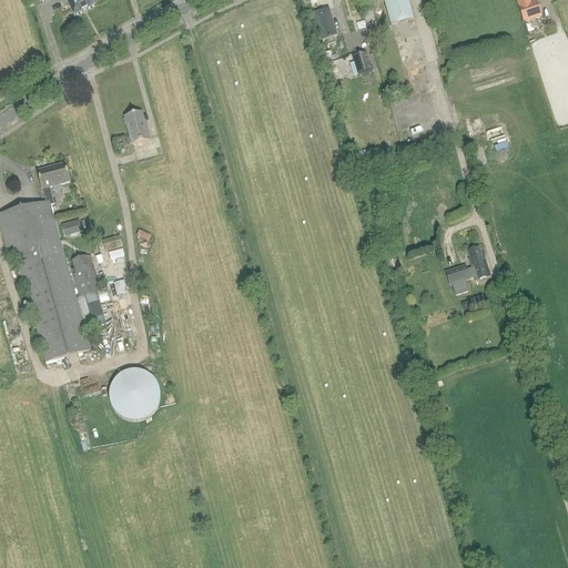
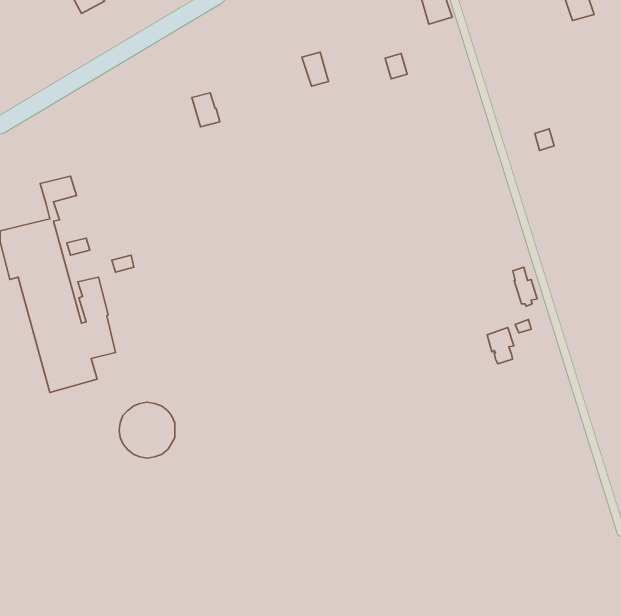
building: [313,6,337,37] -> [302,52,329,86]
building: [124,110,150,141] -> [192,93,220,127]
building: [446,261,470,294] -> [487,327,514,364]

